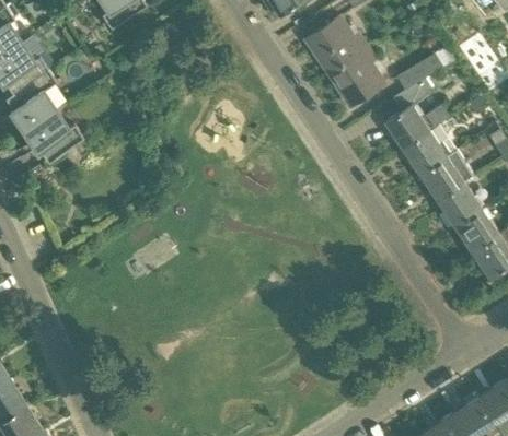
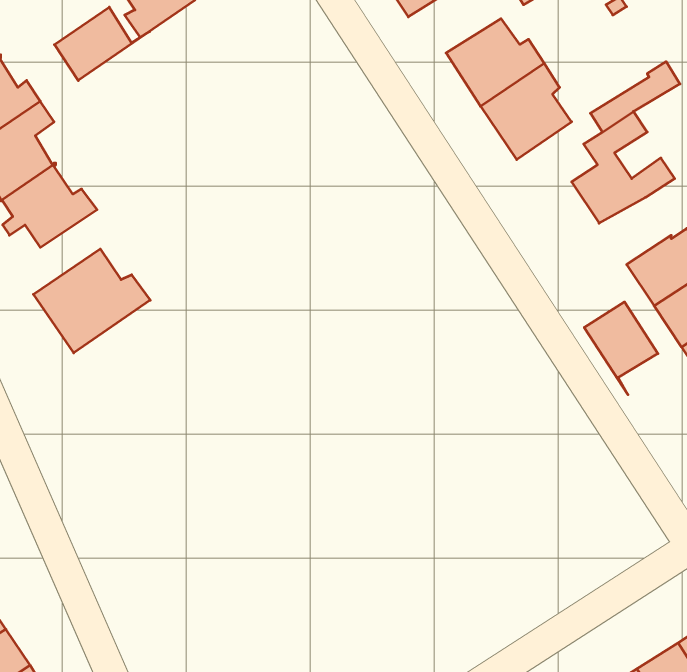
building: none -> [54,7,150,81]
building: [402,130,448,173] -> none
building: none -> [33,249,150,353]
building: none -> [584,302,658,395]

